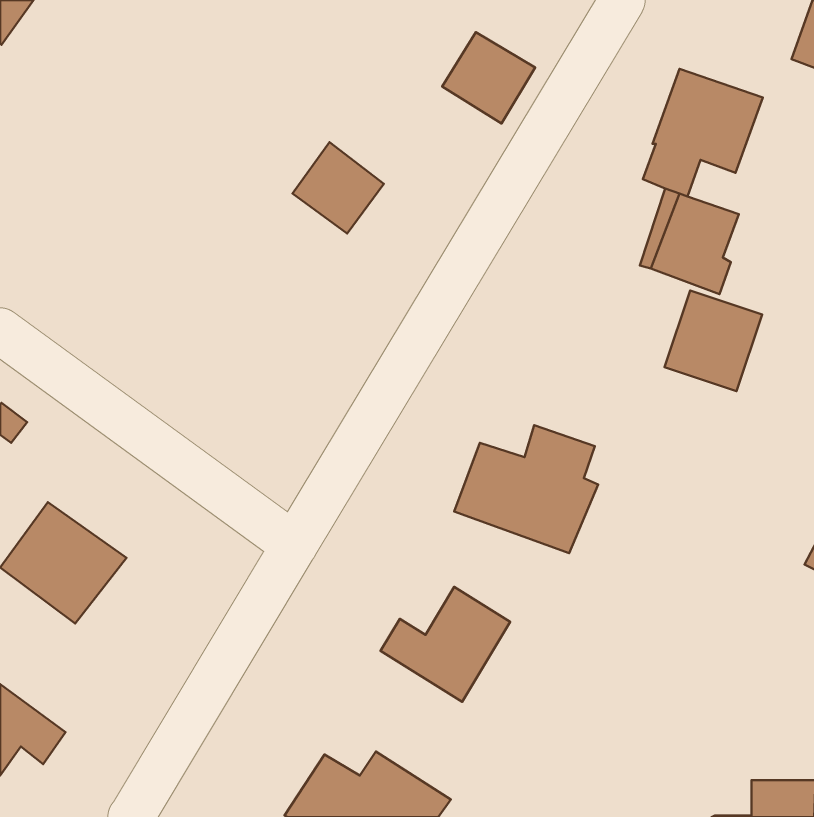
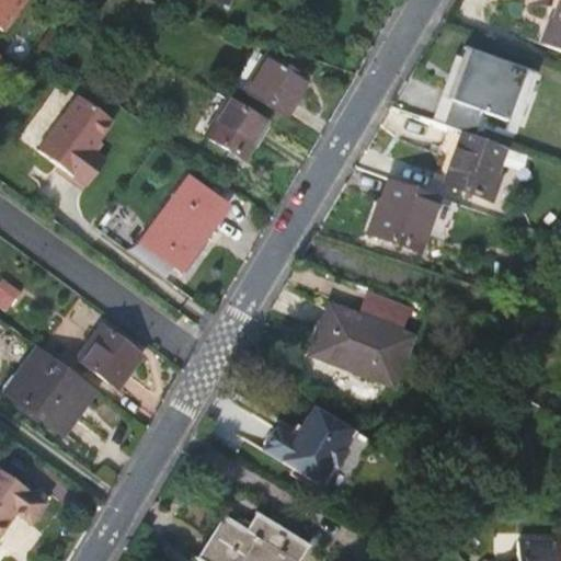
building: [442,32,535,123] -> [244,55,308,117]
building: none -> [41,96,116,187]
building: none -> [142,179,222,270]
building: [665,290,762,391] -> [379,180,446,249]
building: none -> [77,324,144,388]

